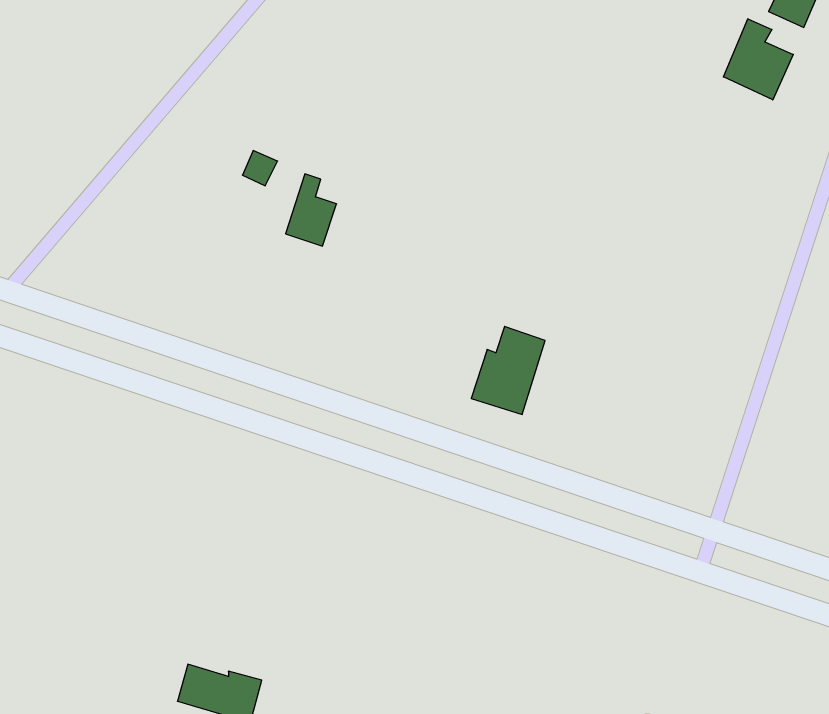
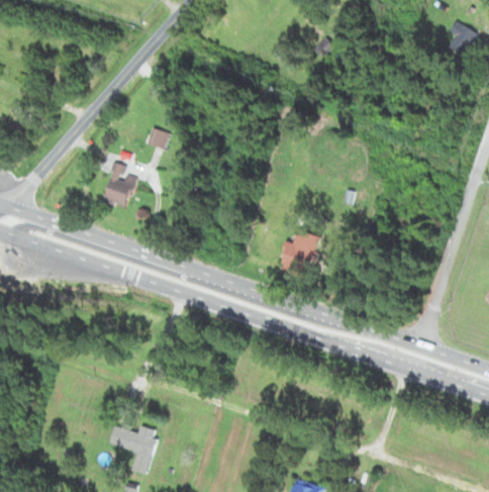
building: [723,19,793,100] -> none
building: [286,174,337,246] -> [104,164,133,205]

